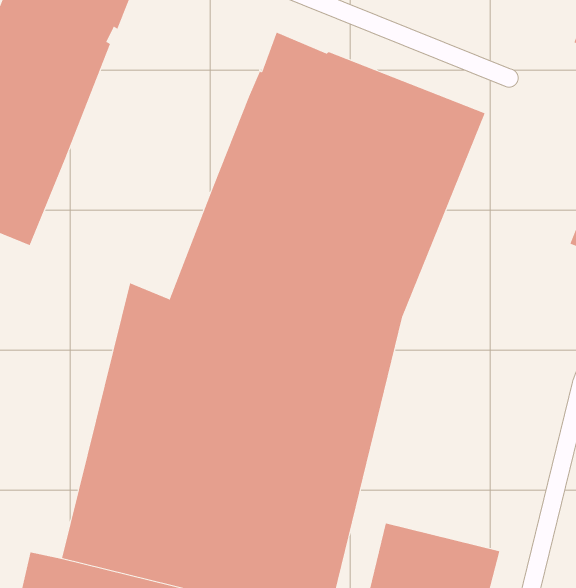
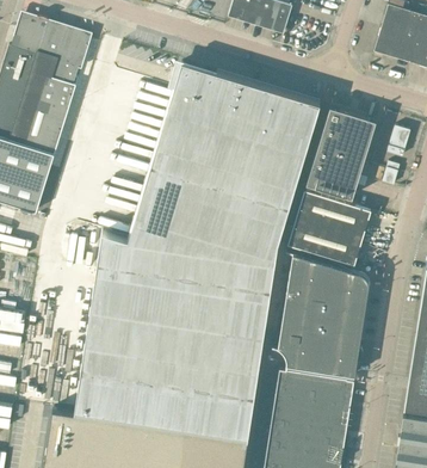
building: none -> [307,105,376,197]
building: none -> [287,189,371,264]
building: none -> [272,250,369,375]

